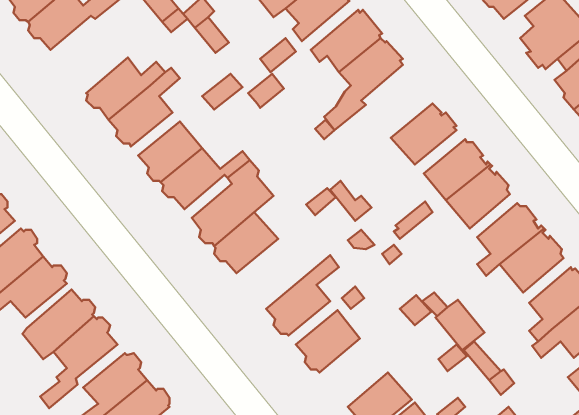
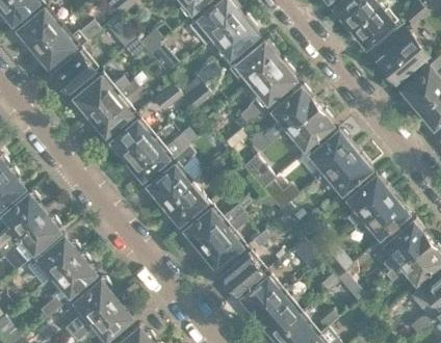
building: none -> [51,49,96,91]
building: none -> [251,86,315,152]
building: none -> [183,197,253,249]
building: none -> [240,274,284,318]

